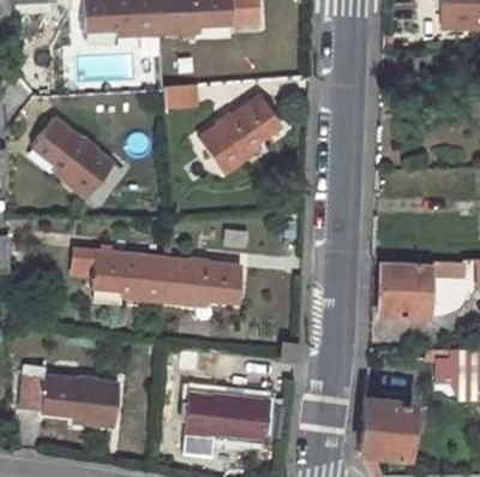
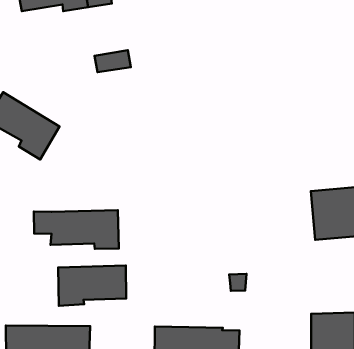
building: [202,99,281,173] -> none
building: [163,260,241,303] -> [58,266,126,306]

